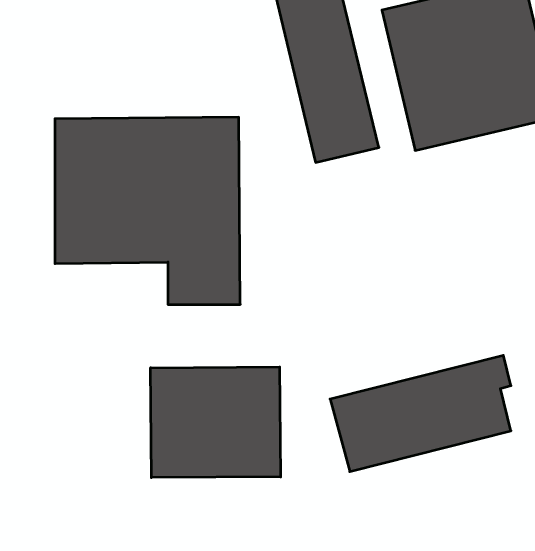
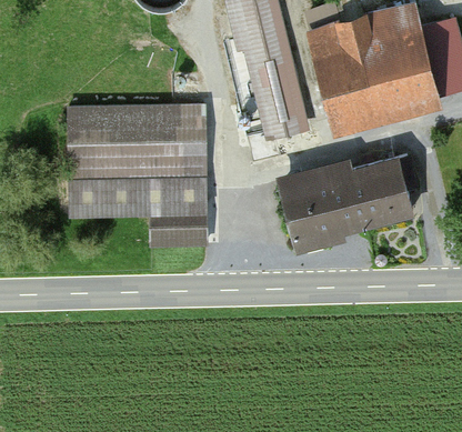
building: [330,355,511,472] -> [278,157,411,242]
building: [151,367,281,478] -> none

